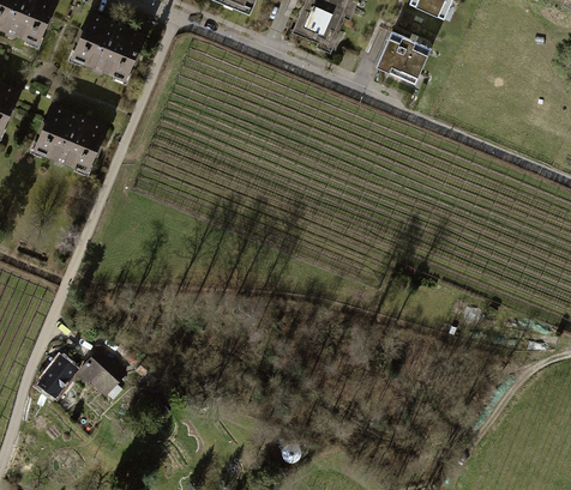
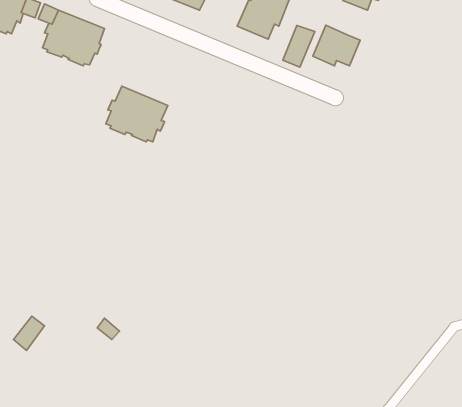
building: none -> [283,25,315,67]
building: [34,107,103,169] -> [106,86,168,142]
building: [79,351,124,395] -> none

